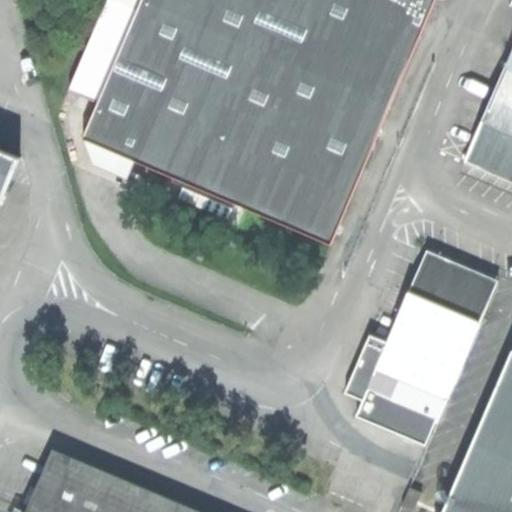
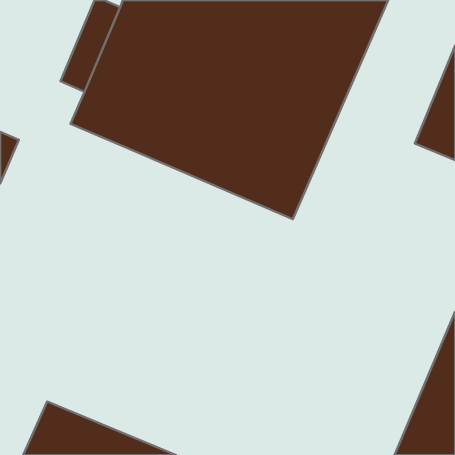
building: [345,250,499,444] -> none

